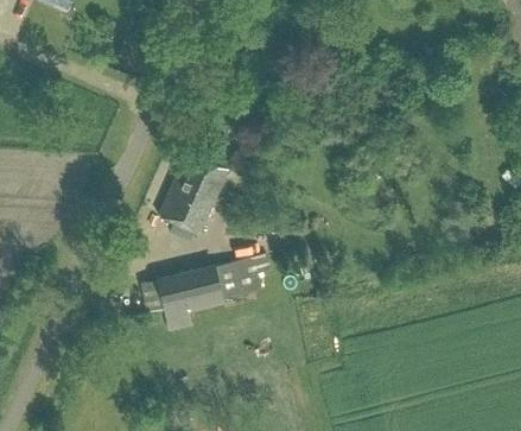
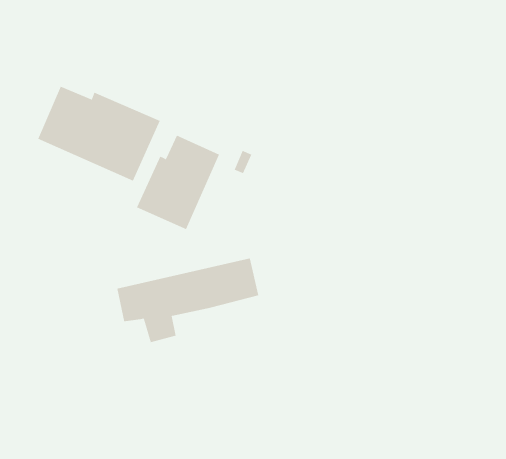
building: none -> [37,86,160,182]

